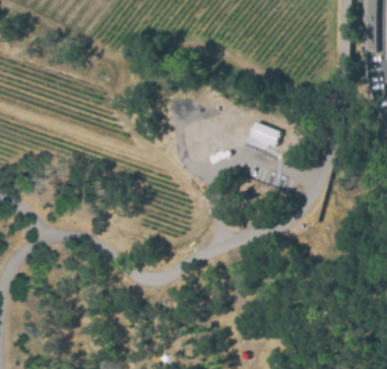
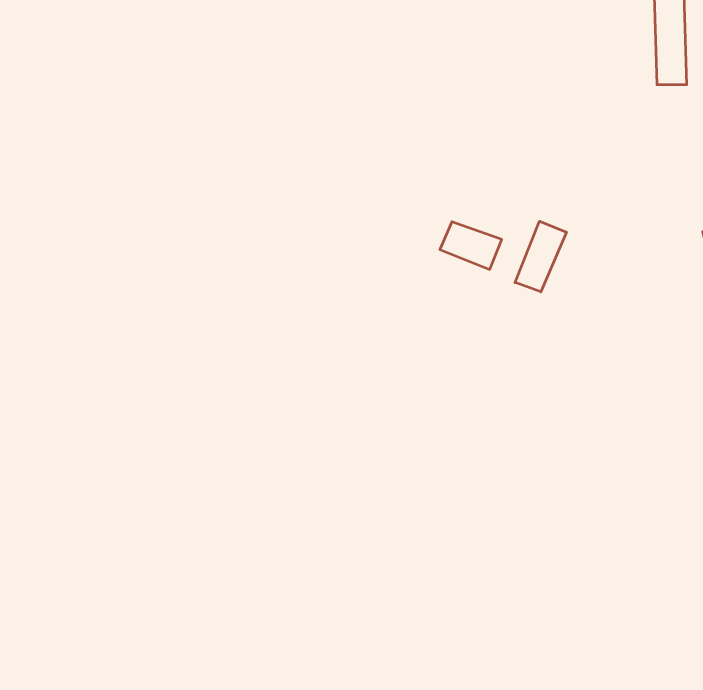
building: none -> [515,221,566,292]

